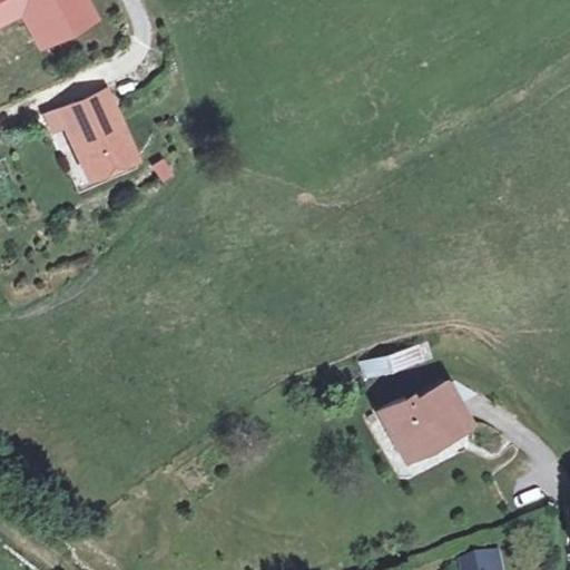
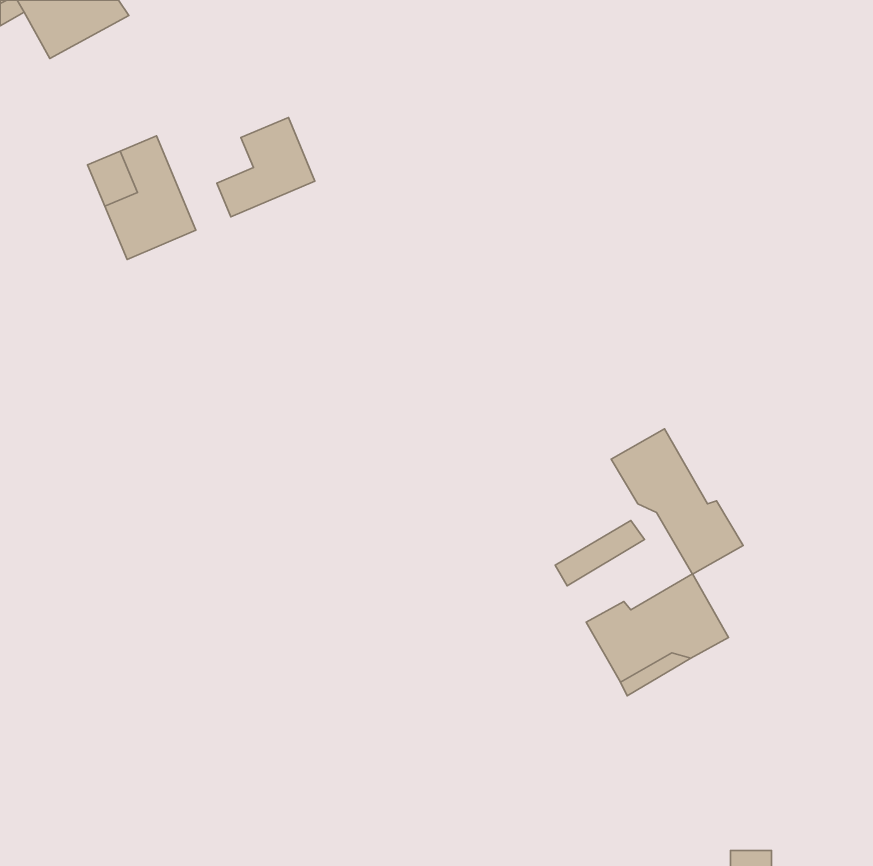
building: none -> [217,117,315,217]
building: none -> [611,429,743,574]

